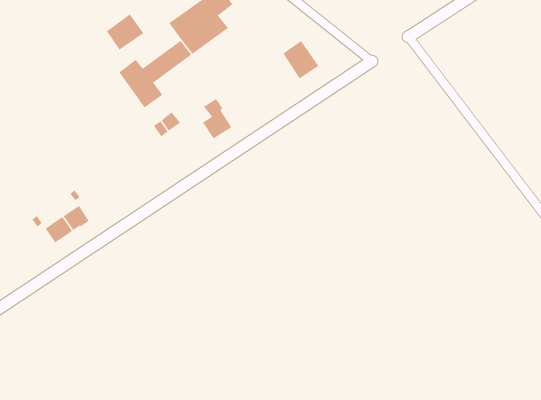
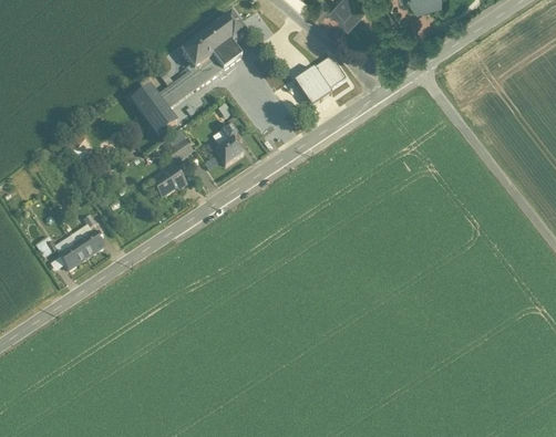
building: [106,14,144,50] -> none
building: none -> [312,55,346,90]
building: none -> [150,166,185,197]

